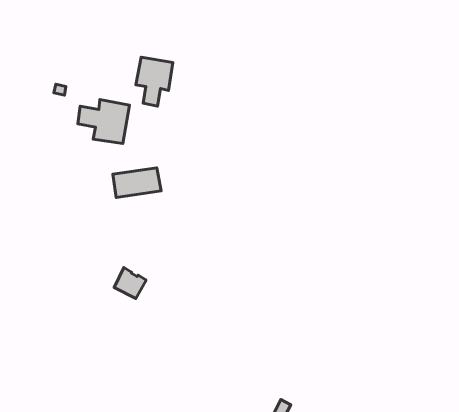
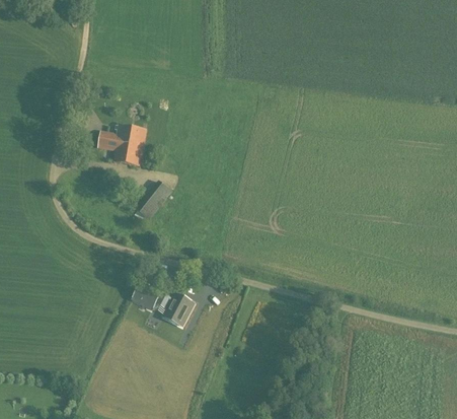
building: [136,57,173,106] -> none
building: none -> [157,292,194,325]

